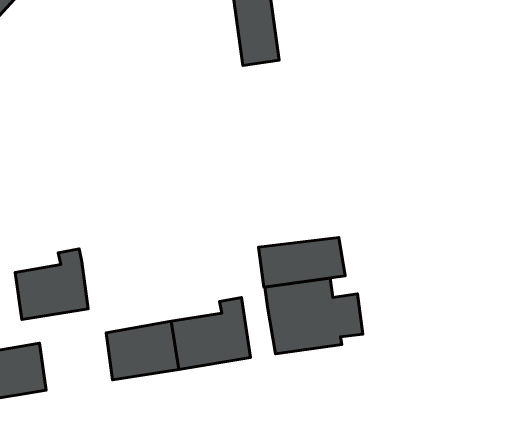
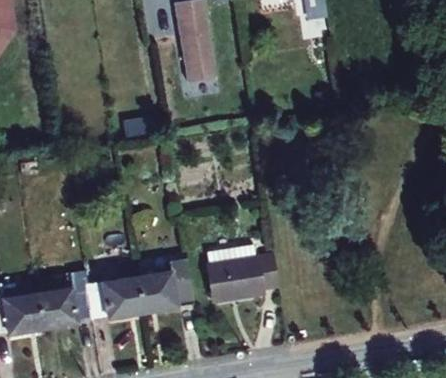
building: [259,237,345,287] -> none
building: [15,249,88,319] -> [31,277,87,331]

